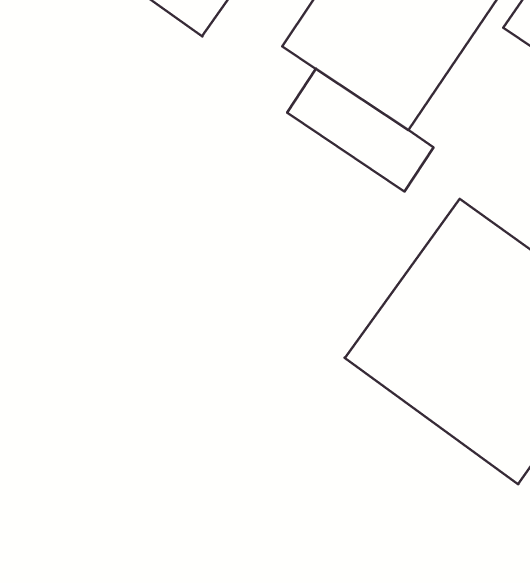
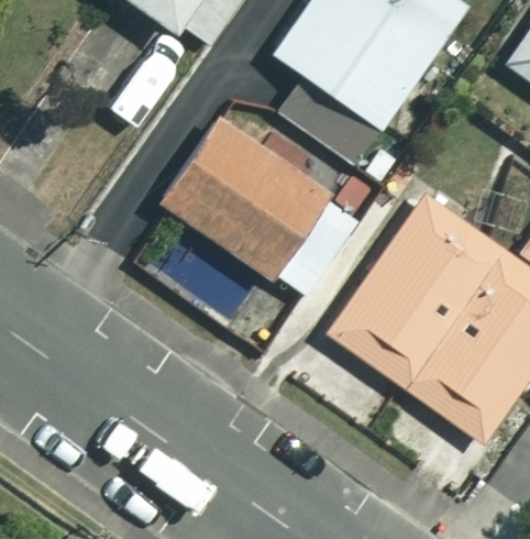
building: none -> [163,114,360,299]

